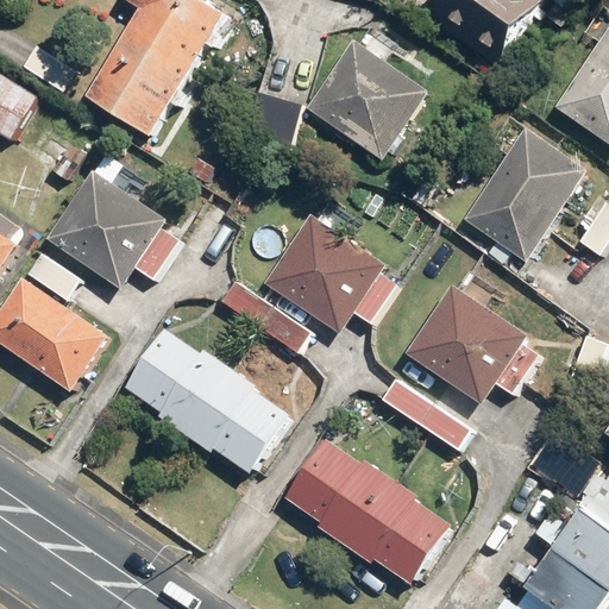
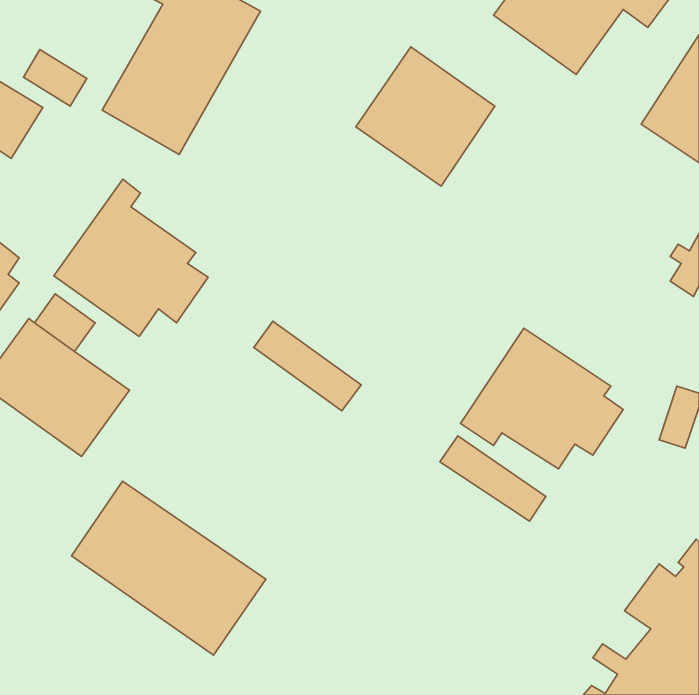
building: [462,117,586,282] -> none
building: [264,214,396,333] -> none
building: [124,327,291,477] -> [71,481,266,655]
building: [284,439,451,588] -> none

